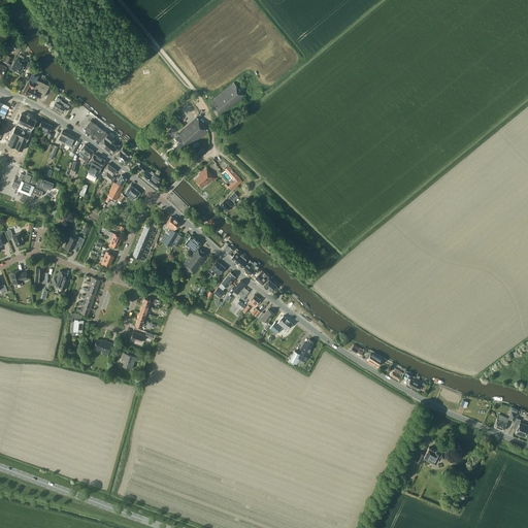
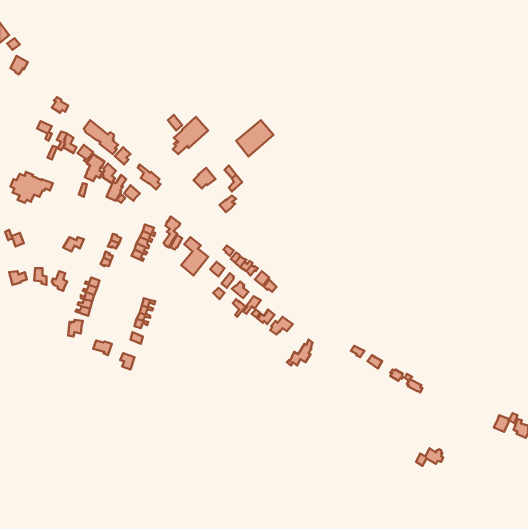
building: [21,70,48,98] -> none
building: [207,82,244,119] -> [236,120,273,157]
building: [6,112,35,151] -> none

